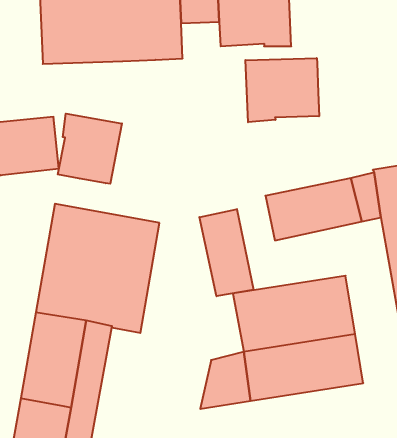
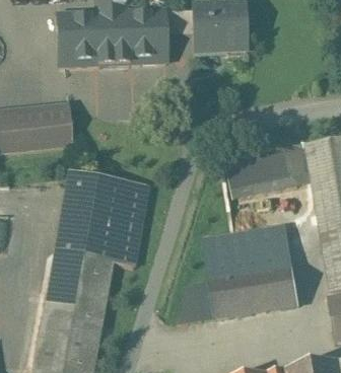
building: [245,58,319,122] -> none
building: [58,114,122,184] -> none
building: [199,209,254,296] -> none

